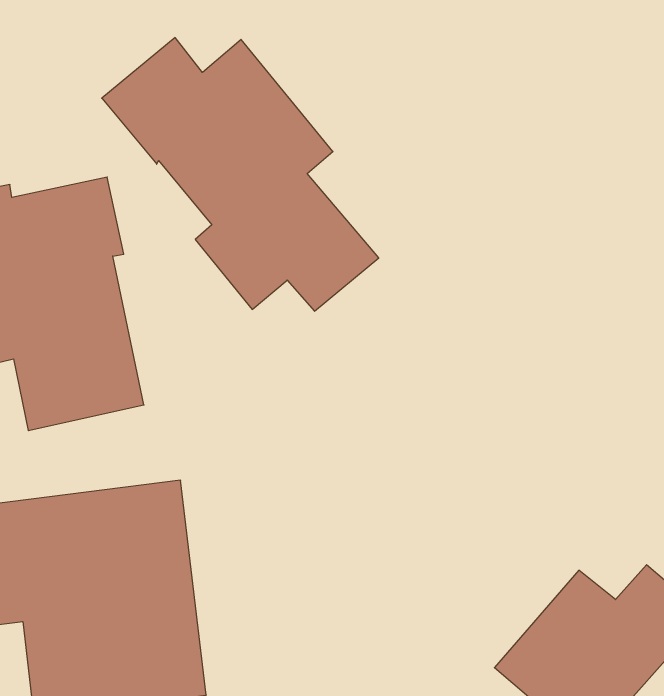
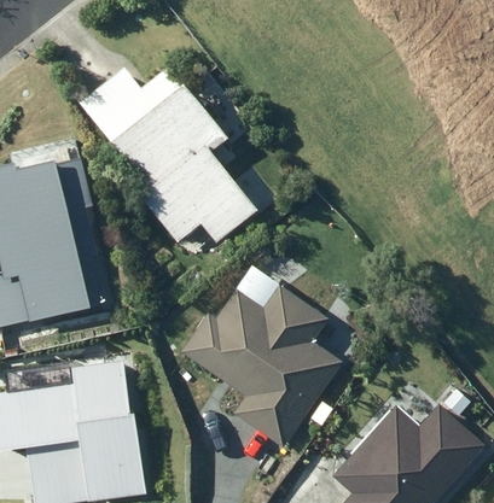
building: none -> [178,285,337,448]

